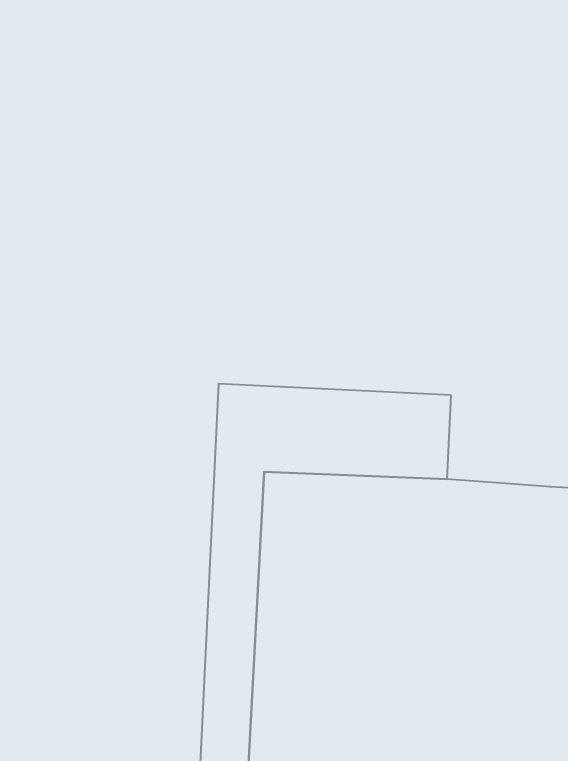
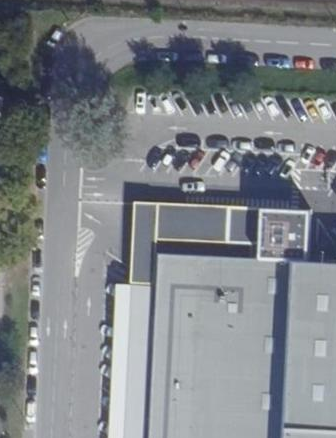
building: none -> [254,210,309,258]

